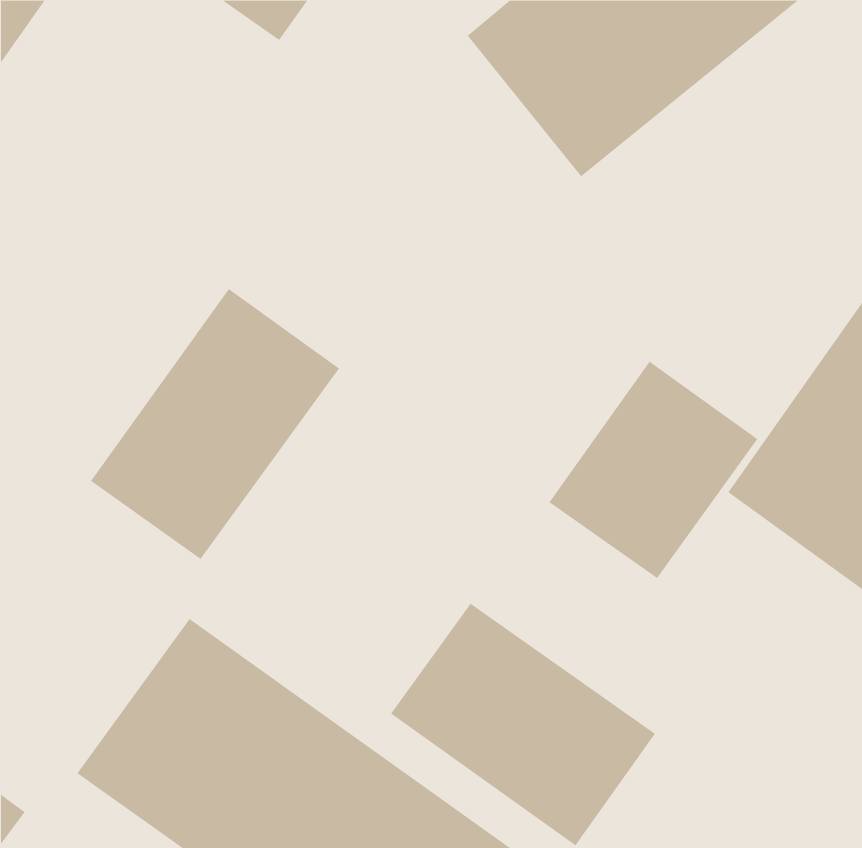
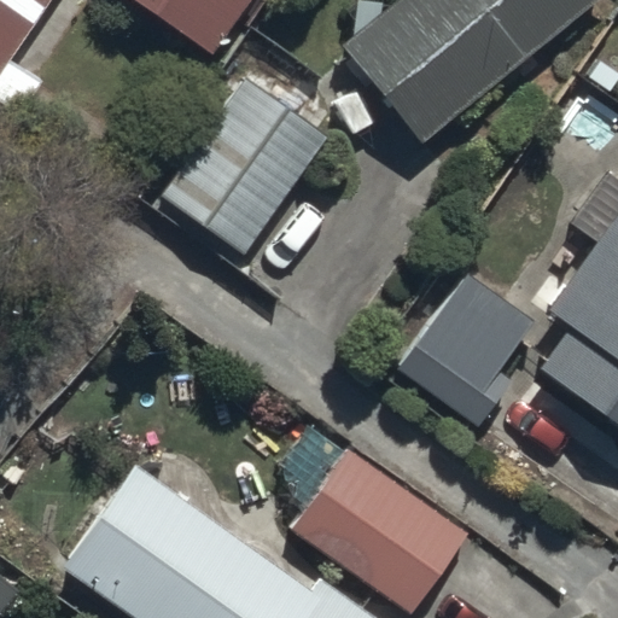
building: none -> [158,65,340,260]
building: [90,288,340,560] -> none

